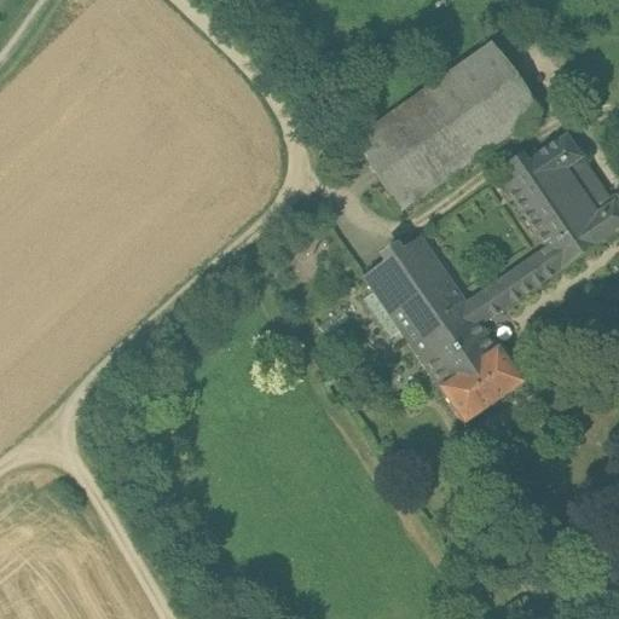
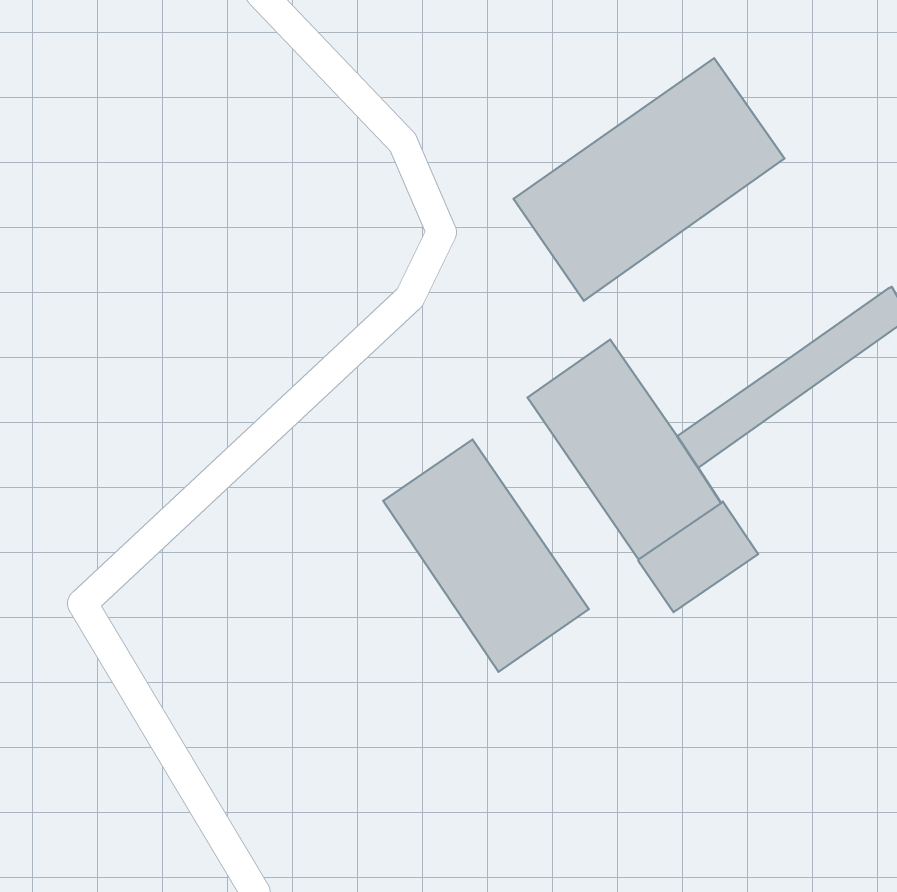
building: [501,132,612,244] -> none
building: none -> [383,439,589,672]

